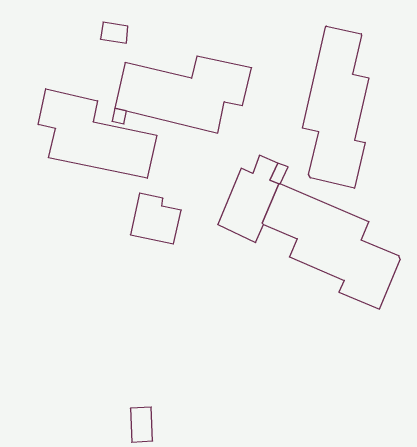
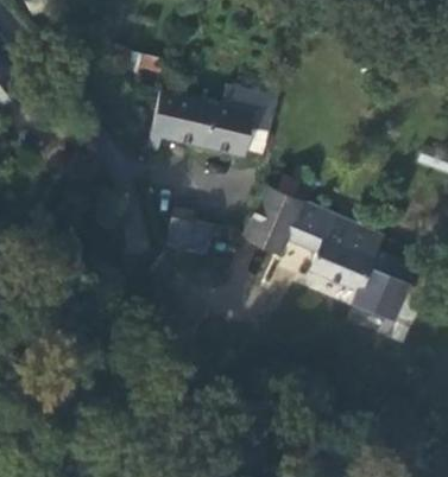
building: [302,26,369,188] -> none
building: [38,89,157,178] -> none

